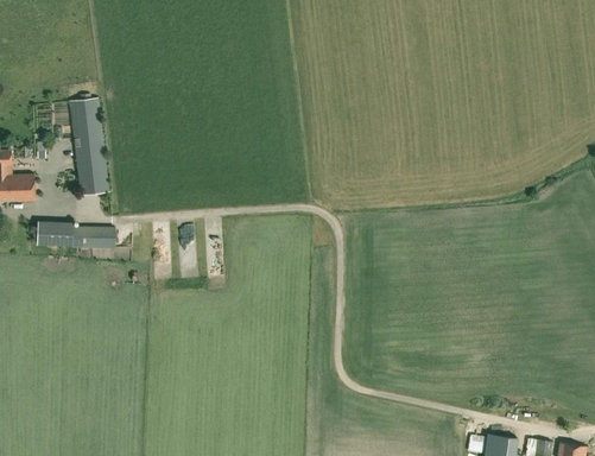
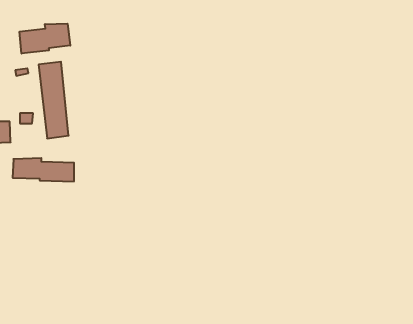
building: none -> [20,24,70,54]

